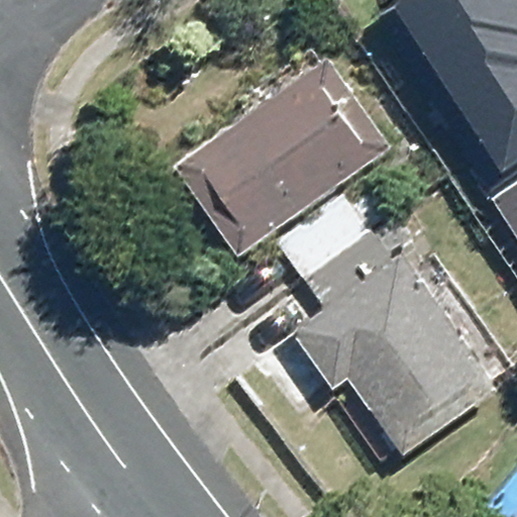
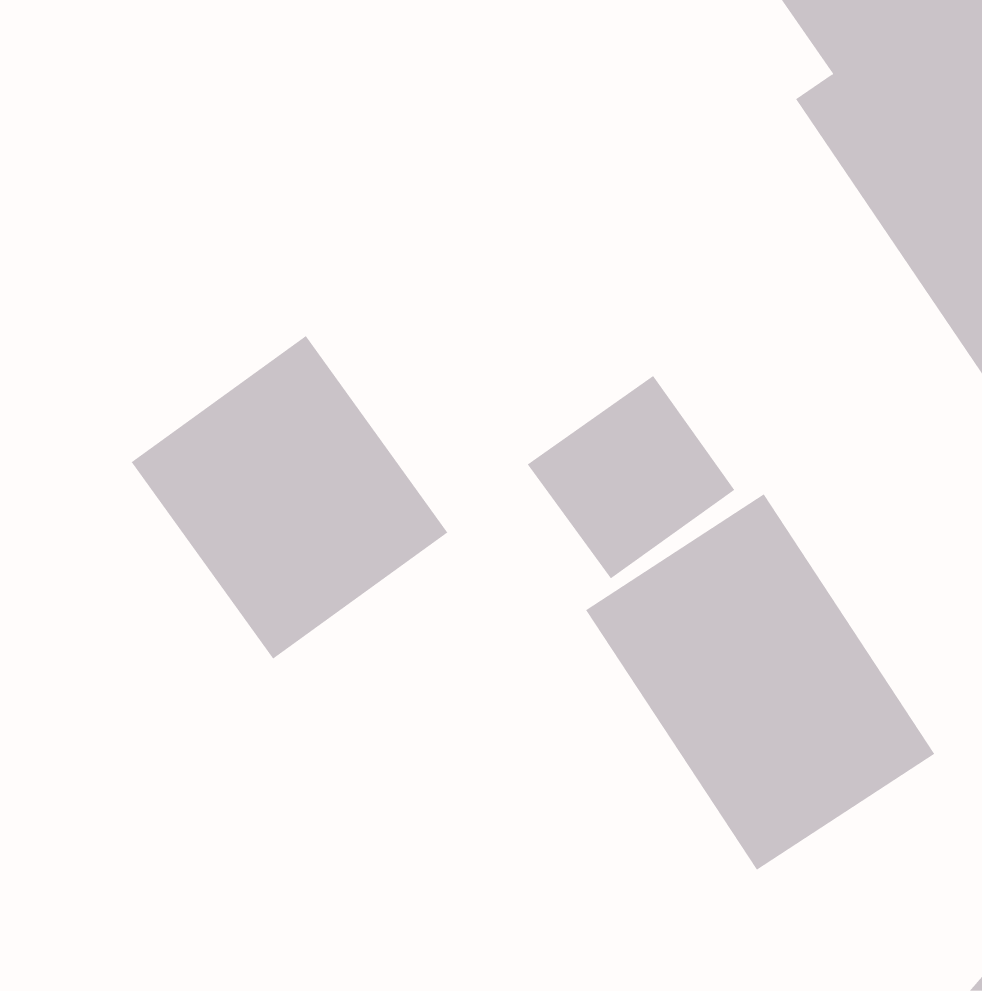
building: [175,62,388,255] -> none
building: none -> [131,335,448,660]

